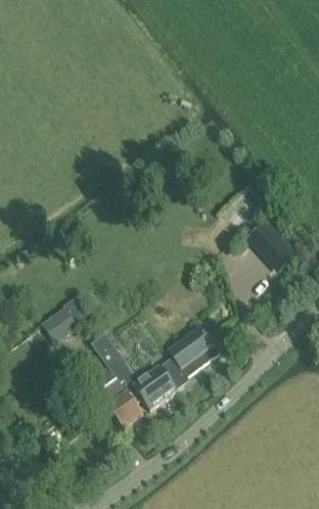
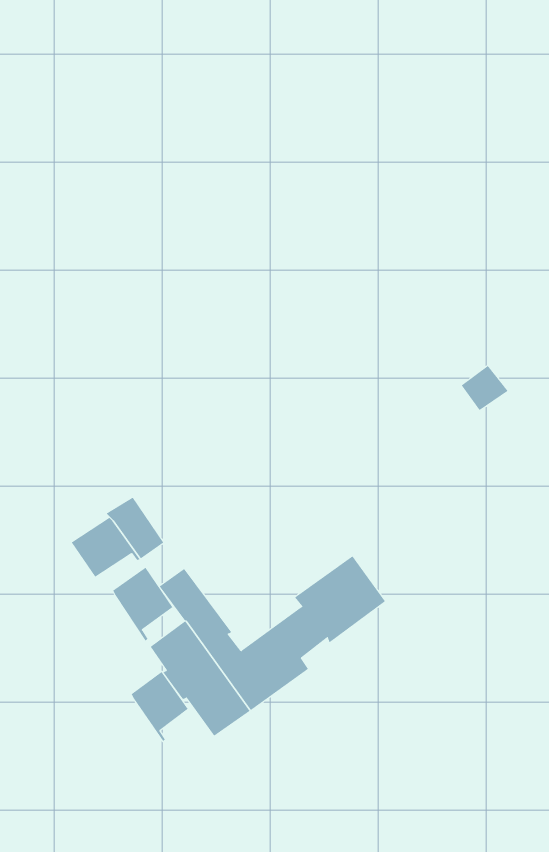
building: none -> [113,567,173,641]
building: none -> [131,671,189,742]

